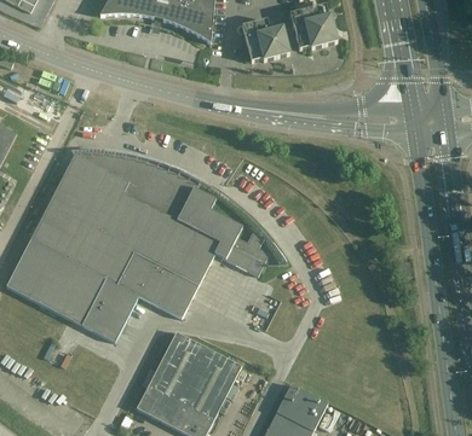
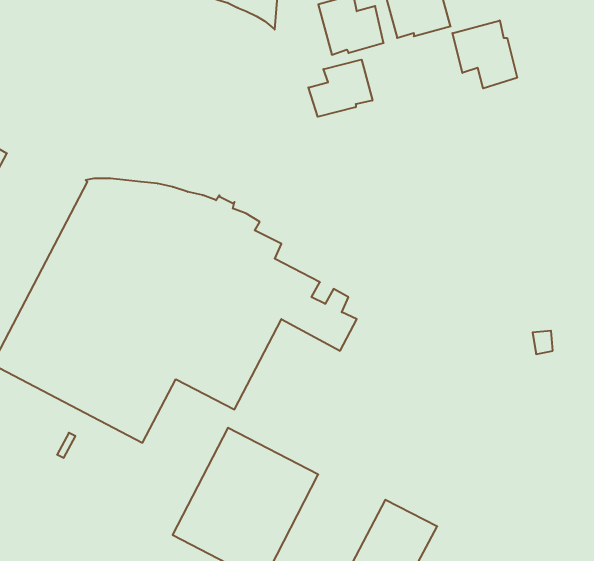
building: none -> [452,20,517,88]
building: none -> [308,60,372,117]

